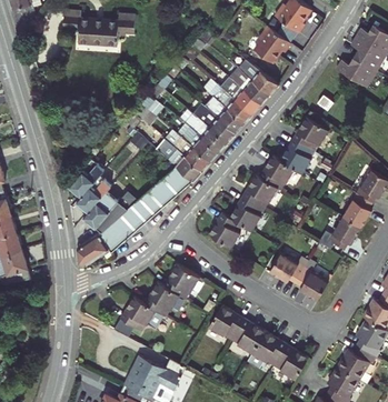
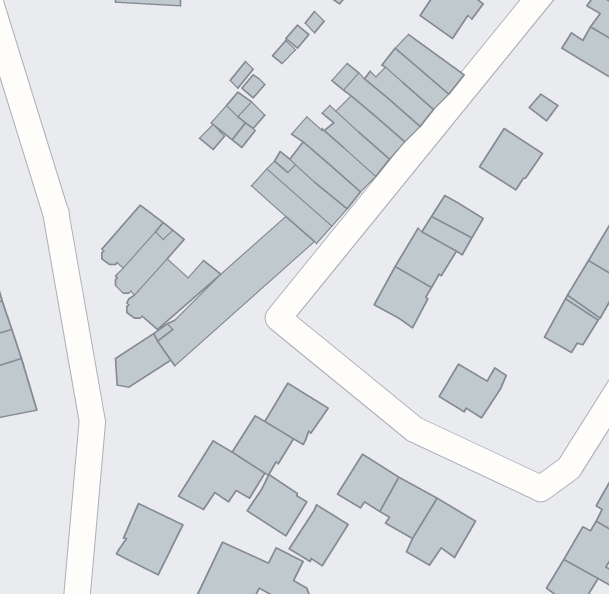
building: [276,139,309,173] -> none
building: [207,214,241,250] -> none
building: [289,268,322,300] -> none
building: none -> [247,474,307,536]
building: none -> [117,503,183,575]
building: none -> [289,505,348,566]
building: [273,344,306,380] -> none

